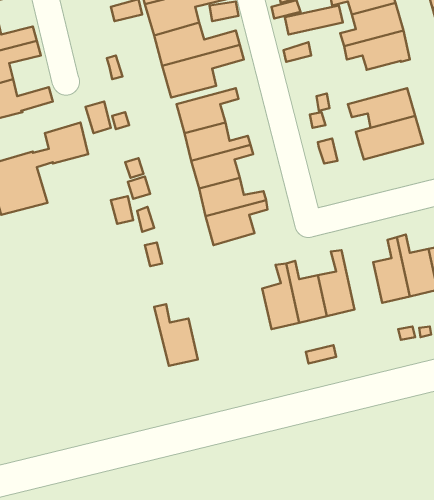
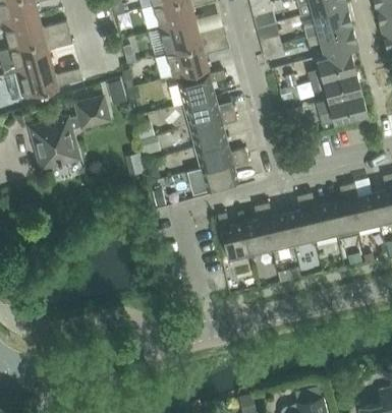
building: none -> [307,49,355,82]
building: none -> [304,193,336,241]
building: [154,304,198,366] -> [217,214,250,261]

